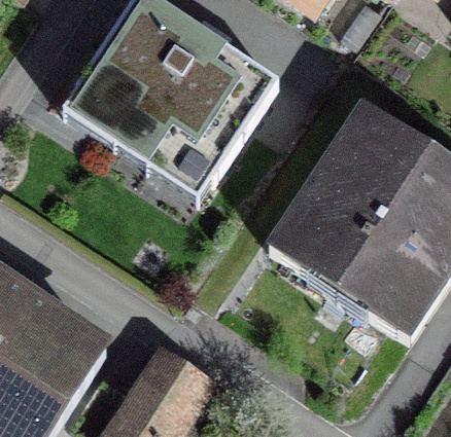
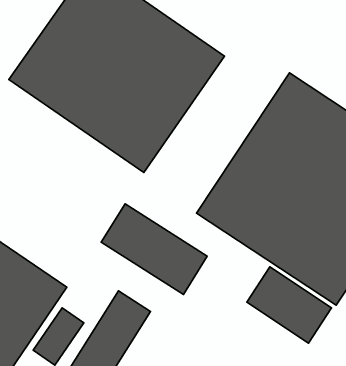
building: none -> [101,204,207,294]
building: none -> [247,267,332,343]

